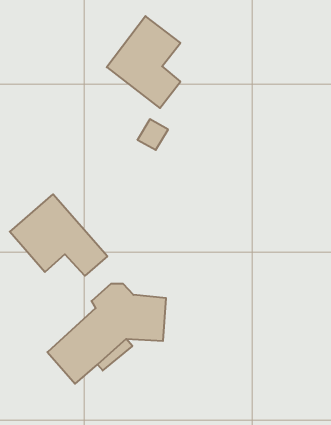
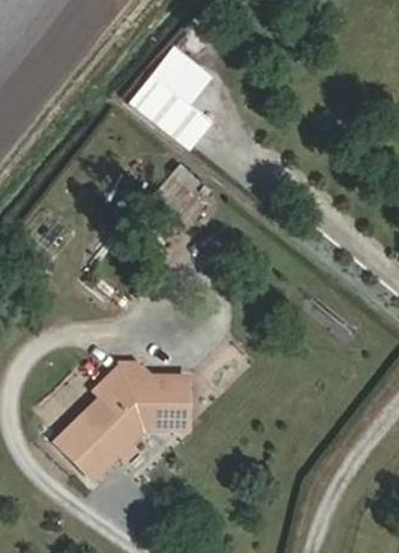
building: [10,194,107,276] -> none

